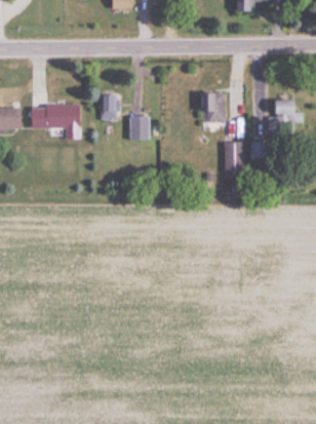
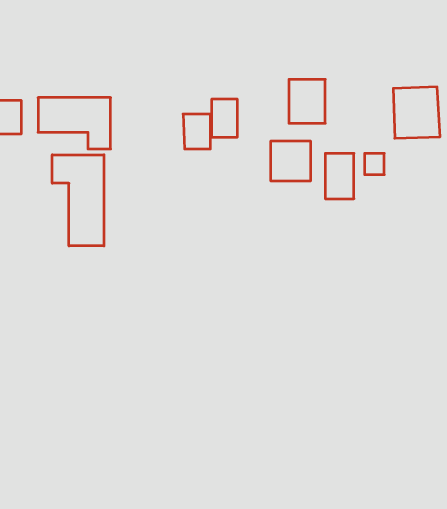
building: [102,94,119,120] -> [212,99,237,137]
building: none -> [271,141,310,181]
building: none -> [52,155,104,246]

